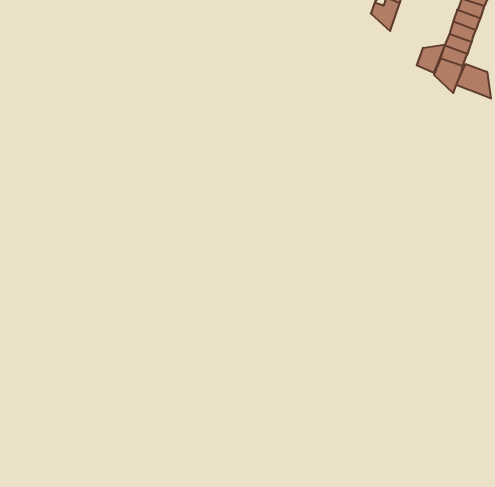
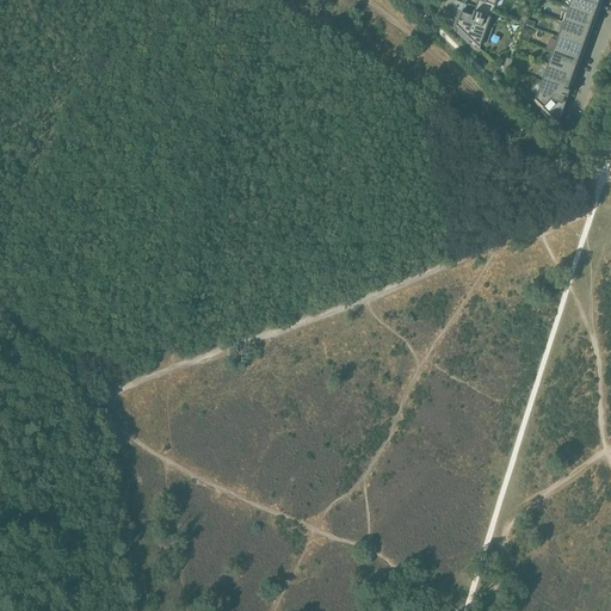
building: [417,45,445,73] -> none
building: [457,64,491,99] -> none

